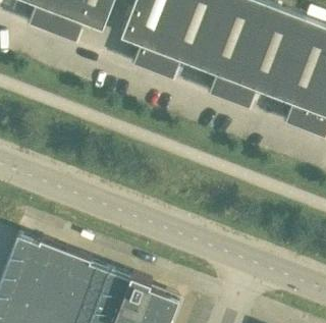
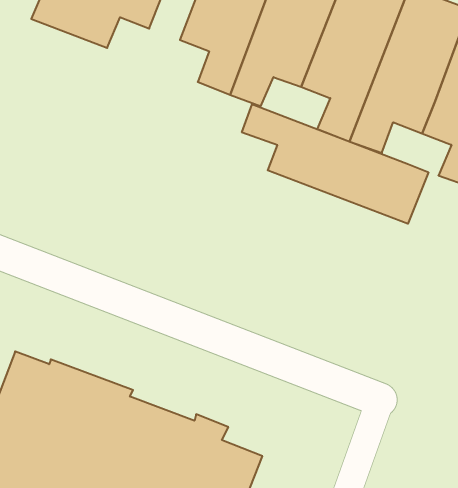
building: none -> [242,104,428,224]

